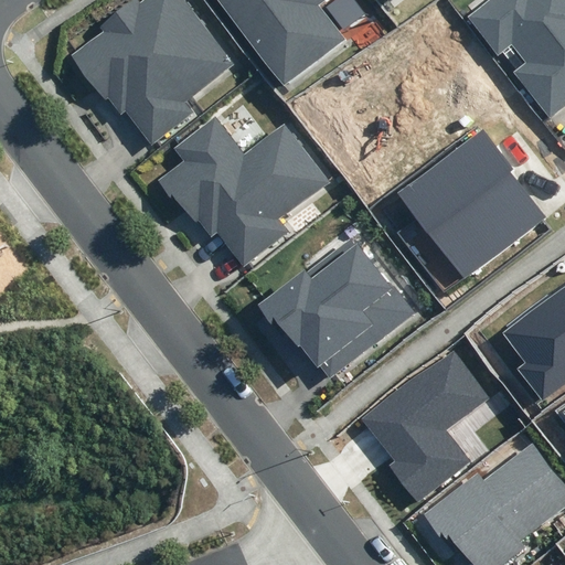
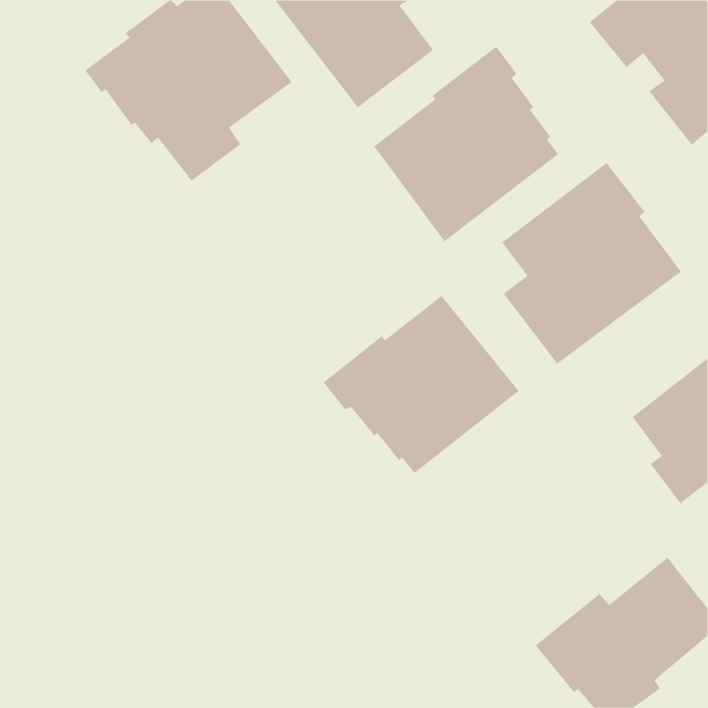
building: none -> [373,46,559,242]
building: [158,117,329,268] -> none
building: [362,345,494,502] -> none

